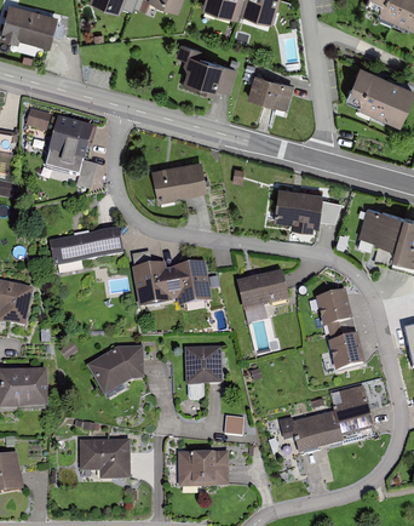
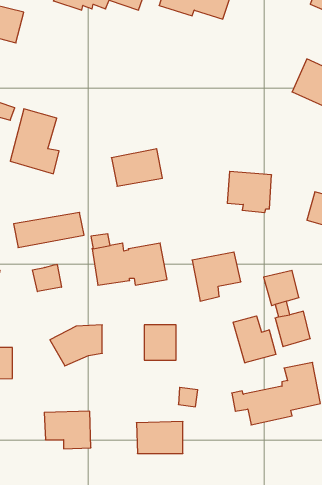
building: [174,44,236,92] -> none
building: [247,73,294,109] -> none
building: none -> [33,264,61,292]
building: none -> [233,316,276,363]

